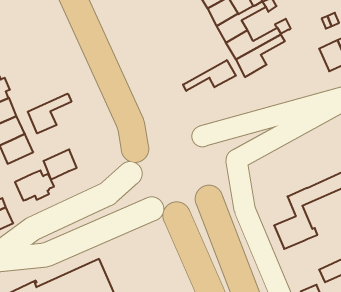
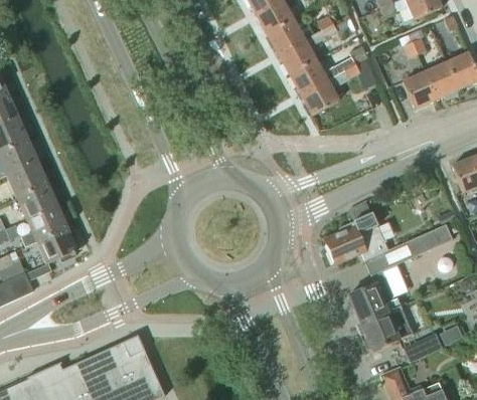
building: [183,60,236,91] -> none
building: [28,94,71,133] -> none
building: [43,149,77,179] -> [26,206,66,242]
building: none -> [324,213,387,263]
building: none -> [360,306,413,351]

